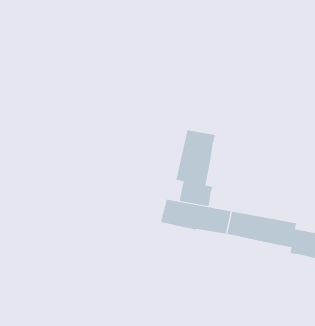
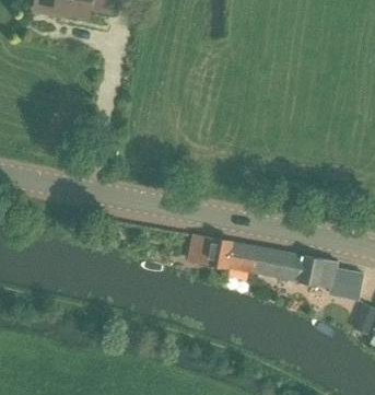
building: [176,129,215,207] -> none

